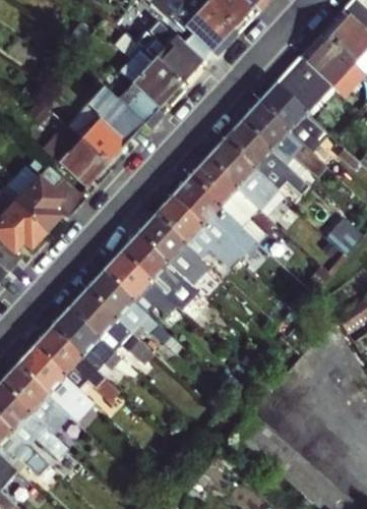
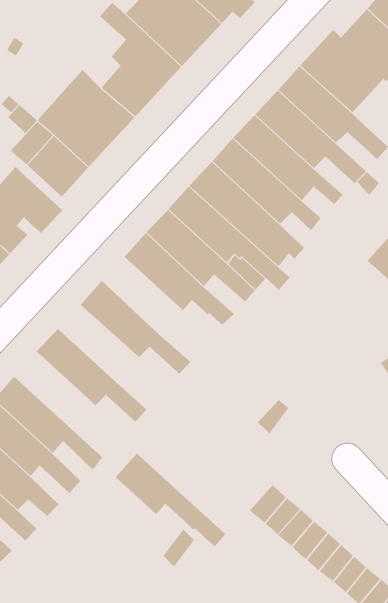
building: [117,235,204,303] -> none
building: [82,273,170,345] -> none
building: [48,309,135,384] -> [115,453,226,547]

